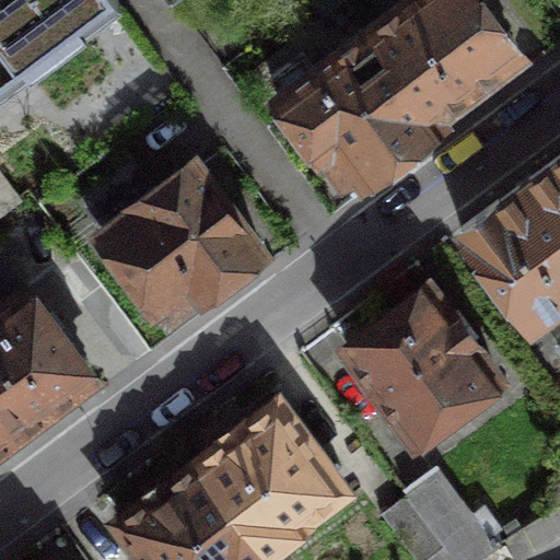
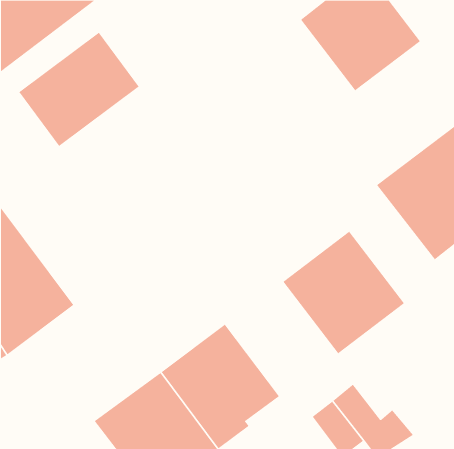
building: [280,34,438,188] -> none
building: none -> [18,32,140,147]
building: [82,166,262,326] -> none

